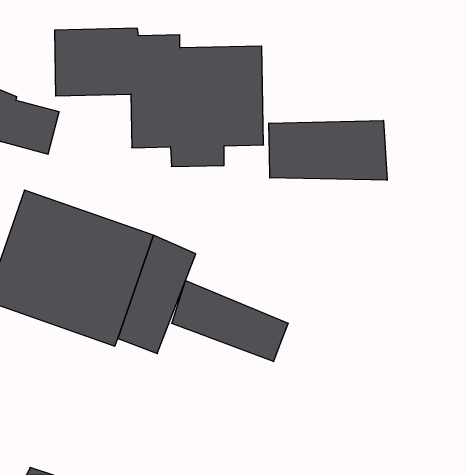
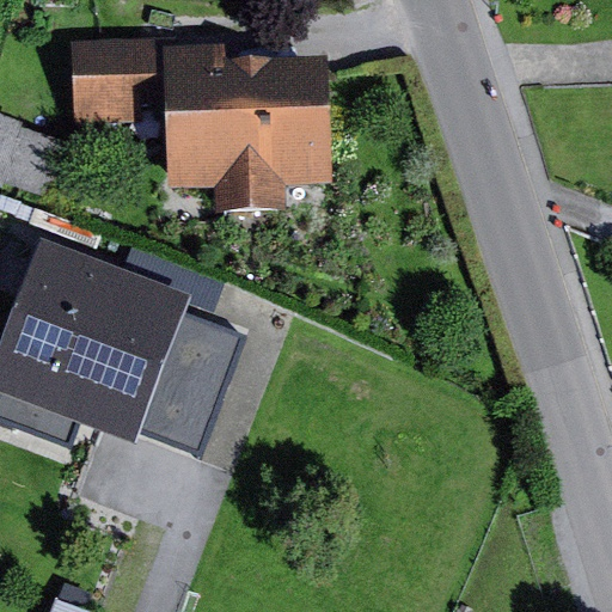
building: [269,120,387,180] -> none
building: [172,280,288,362] -> none

